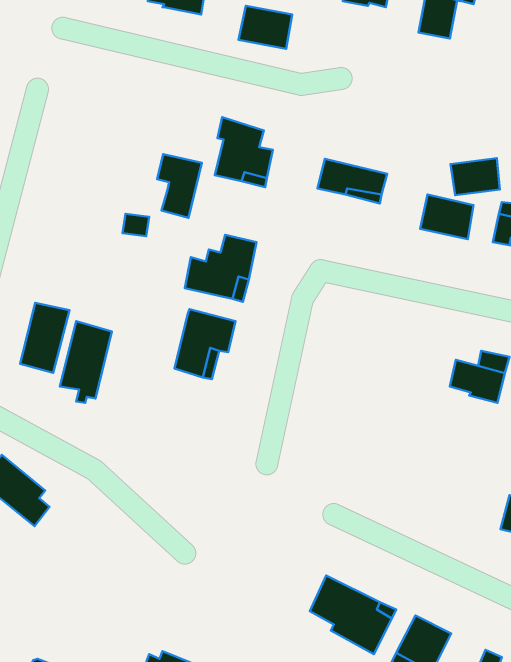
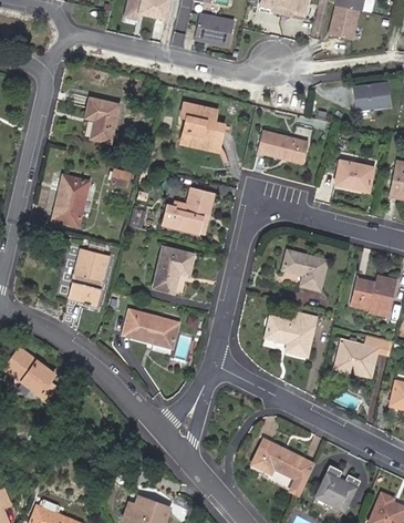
building: [157,154,202,218] -> [91,98,124,145]
building: [451,158,500,195] -> [355,84,392,112]
building: [20,303,69,373] -> [50,175,86,227]
building: none -> [277,250,325,290]
building: none -> [117,307,175,347]
building: none -> [265,309,315,357]
building: none -> [338,334,391,376]

